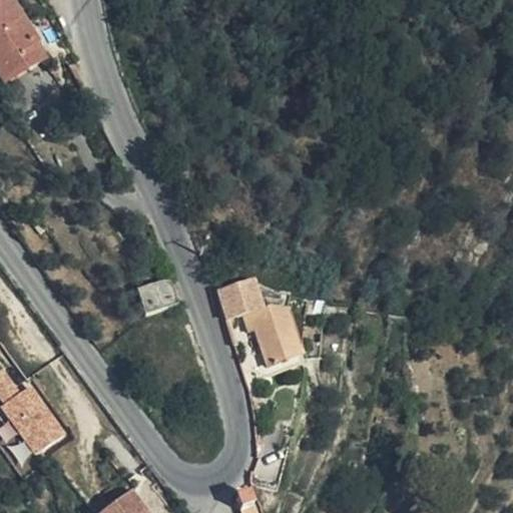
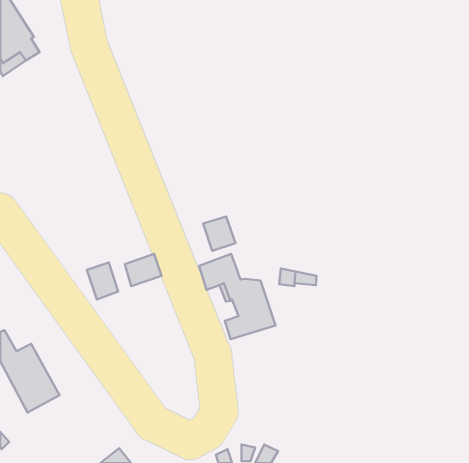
building: none -> [203,216,235,251]
building: none -> [87,263,118,300]

